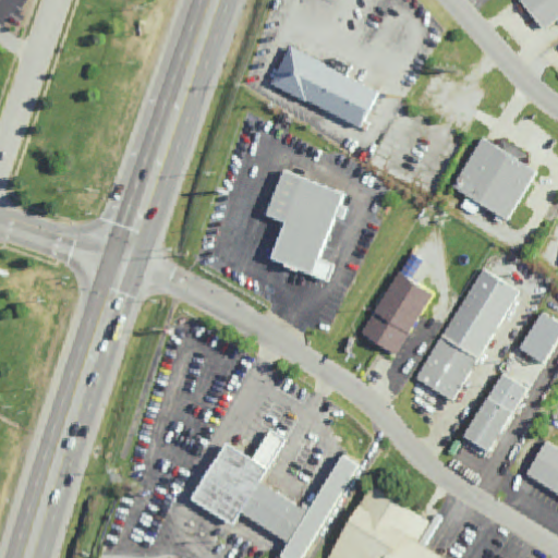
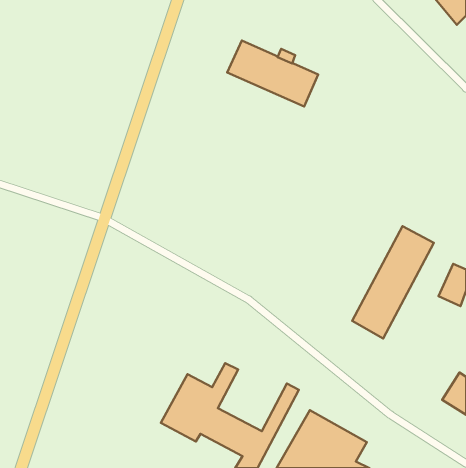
building: [450,136,534,219] -> none
building: [266,171,342,280] -> none
building: [361,271,433,354] -> none
building: [463,373,526,452] -> none

